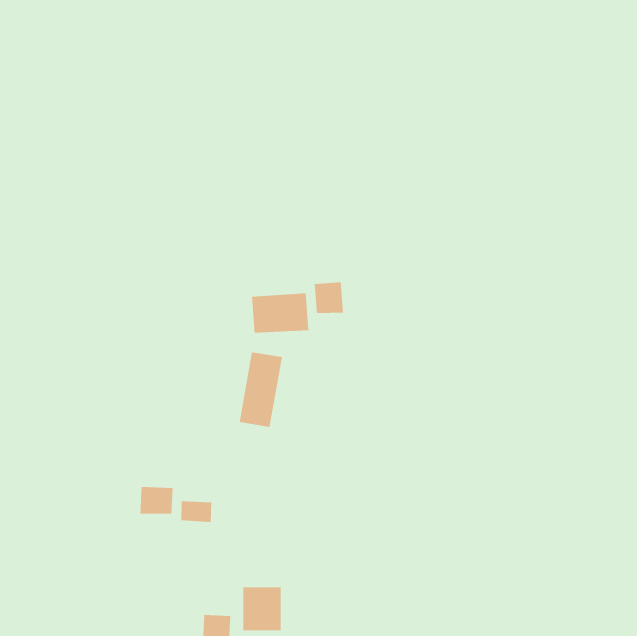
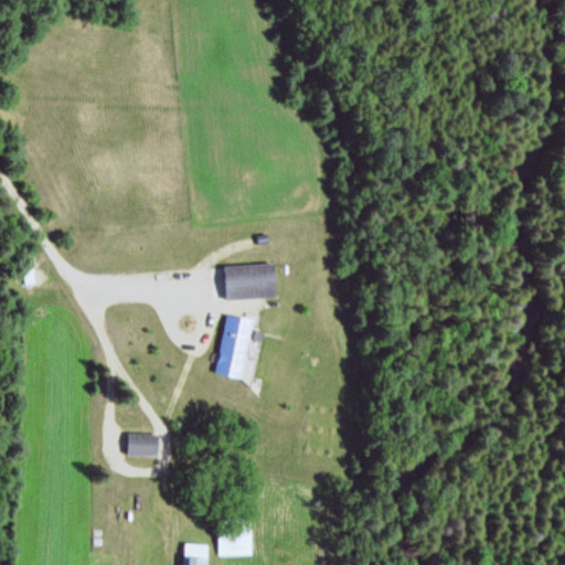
building: [314,282,343,314] -> none
building: [181,501,212,523] -> none

